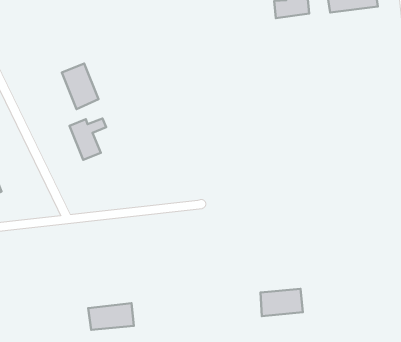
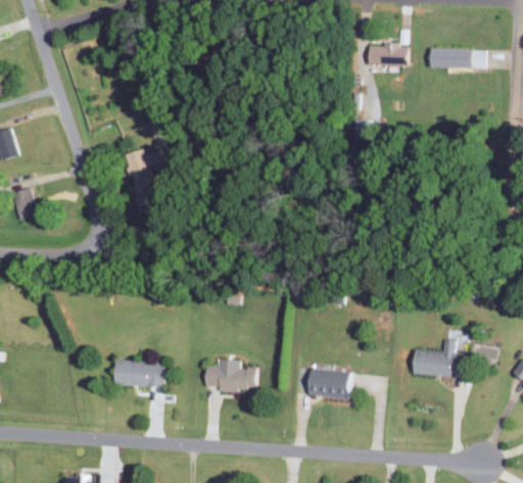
building: [62,64,99,109] -> none
building: none -> [414,339,462,375]
building: none -> [205,366,258,389]

